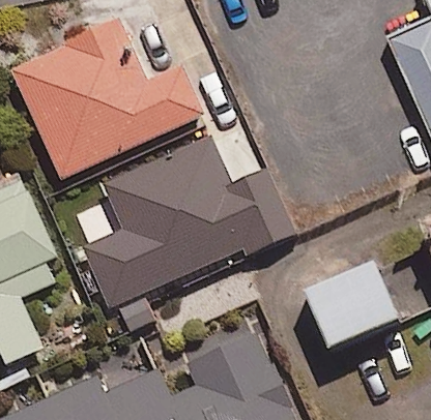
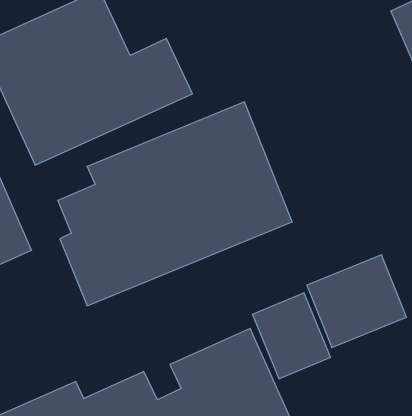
building: none -> [253,293,330,379]

